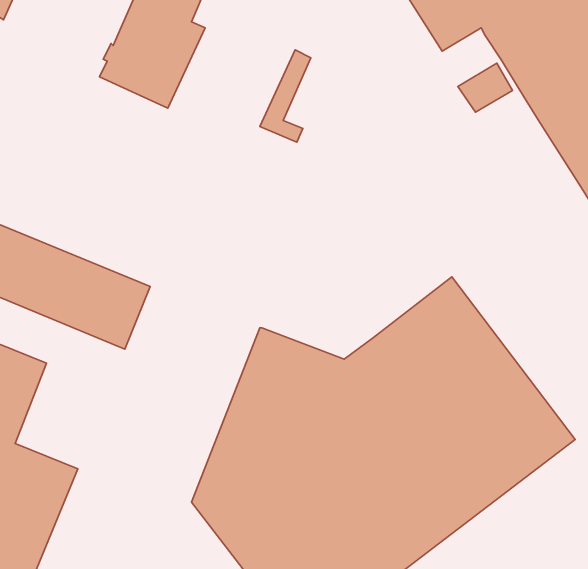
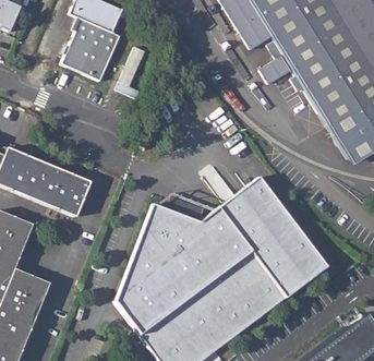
building: [260,50,311,142] -> [117,47,145,98]

